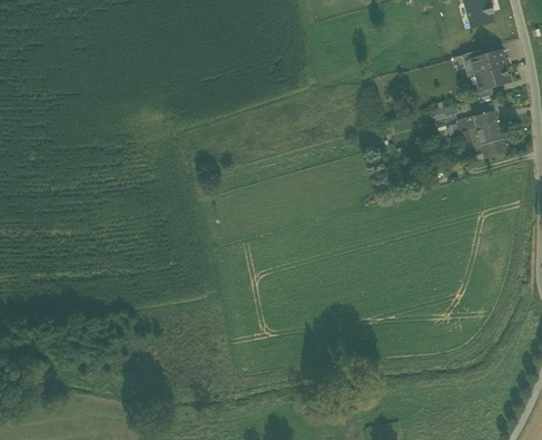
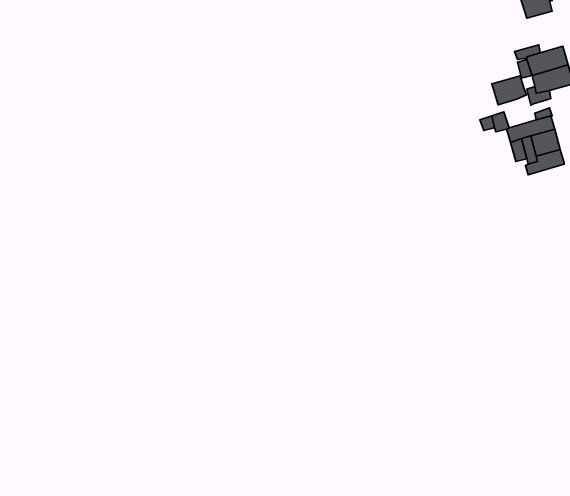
building: none -> [492,76,527,105]

